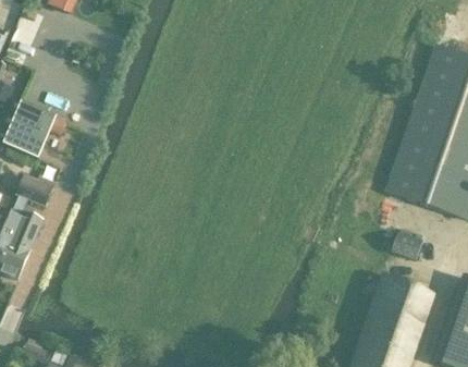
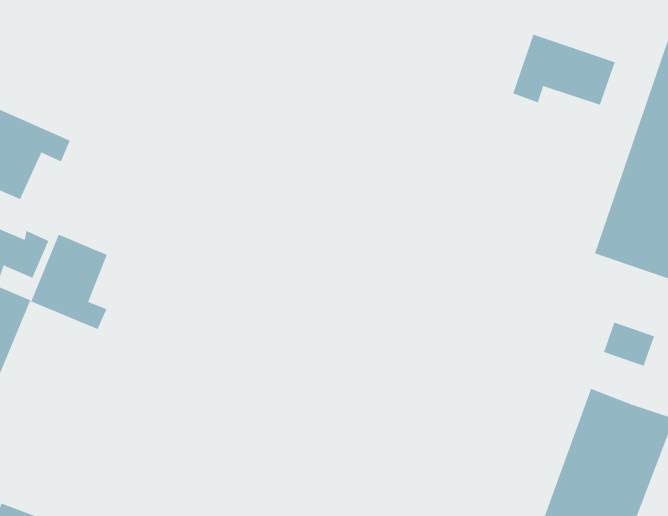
building: none -> [513,34,615,105]
building: none -> [31,234,108,330]

